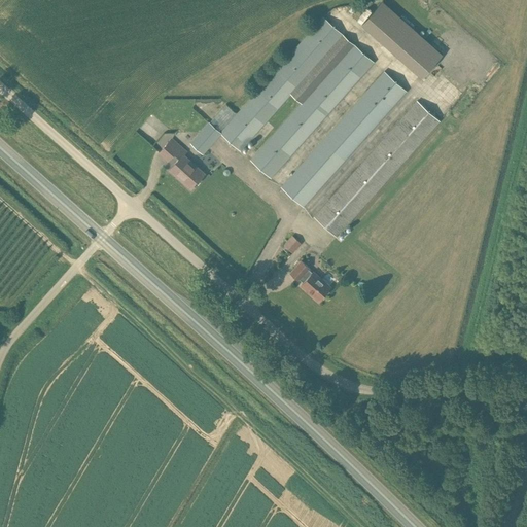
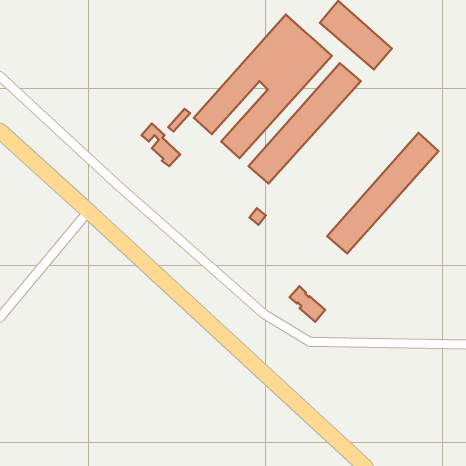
building: [314,102,440,238] -> [327,133,439,254]
building: [289,260,329,301] -> [290,286,325,322]

